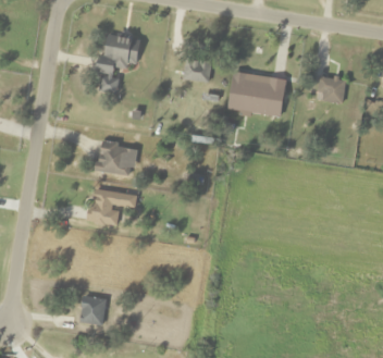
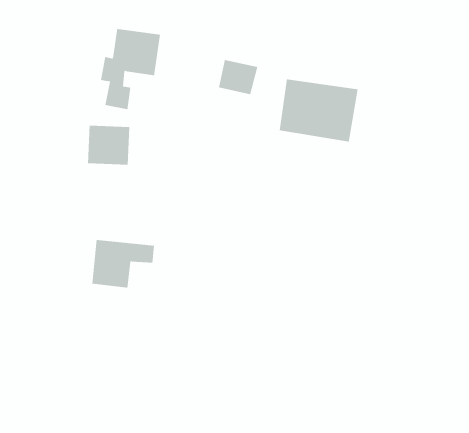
building: [318,75,347,103] -> none
building: [99,144,131,173] -> [87,125,130,165]
building: [81,295,107,324] -> none

